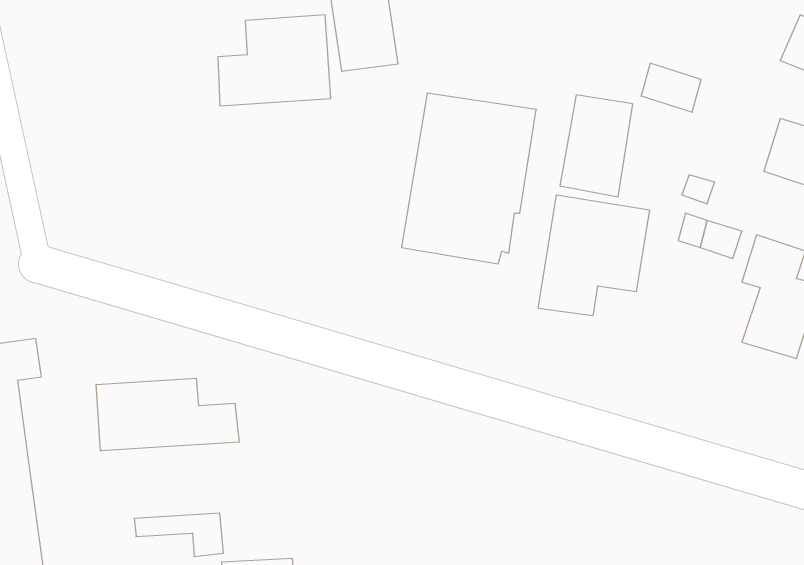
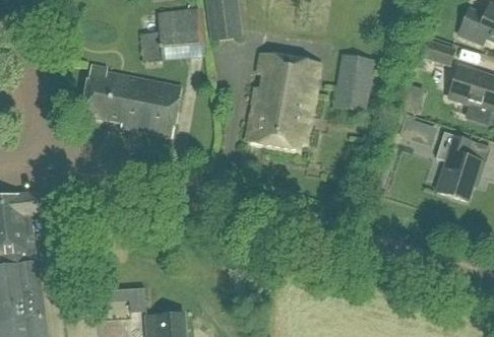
building: [641,63,701,112] -> [422,39,455,66]
building: none -> [81,64,181,136]
building: [538,195,650,316] -> none
building: [96,378,239,451] -> none

